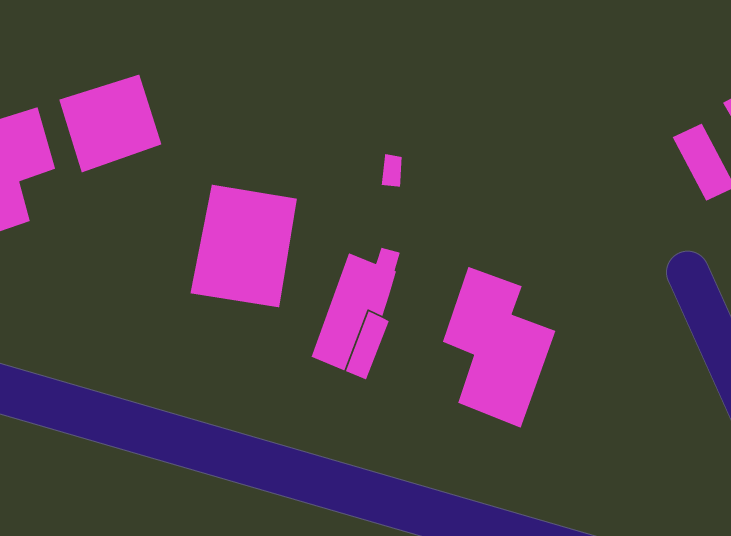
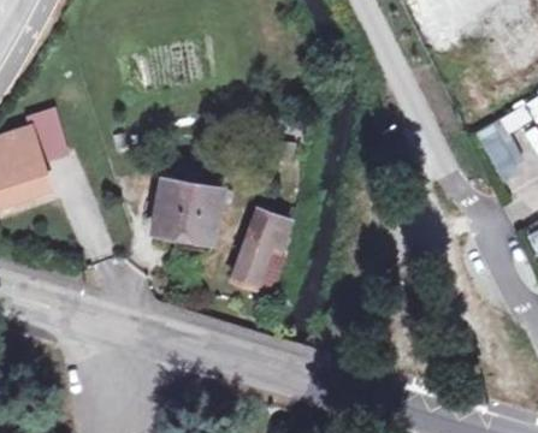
building: [58,73,163,174] -> none
building: [442,266,556,429] -> none

